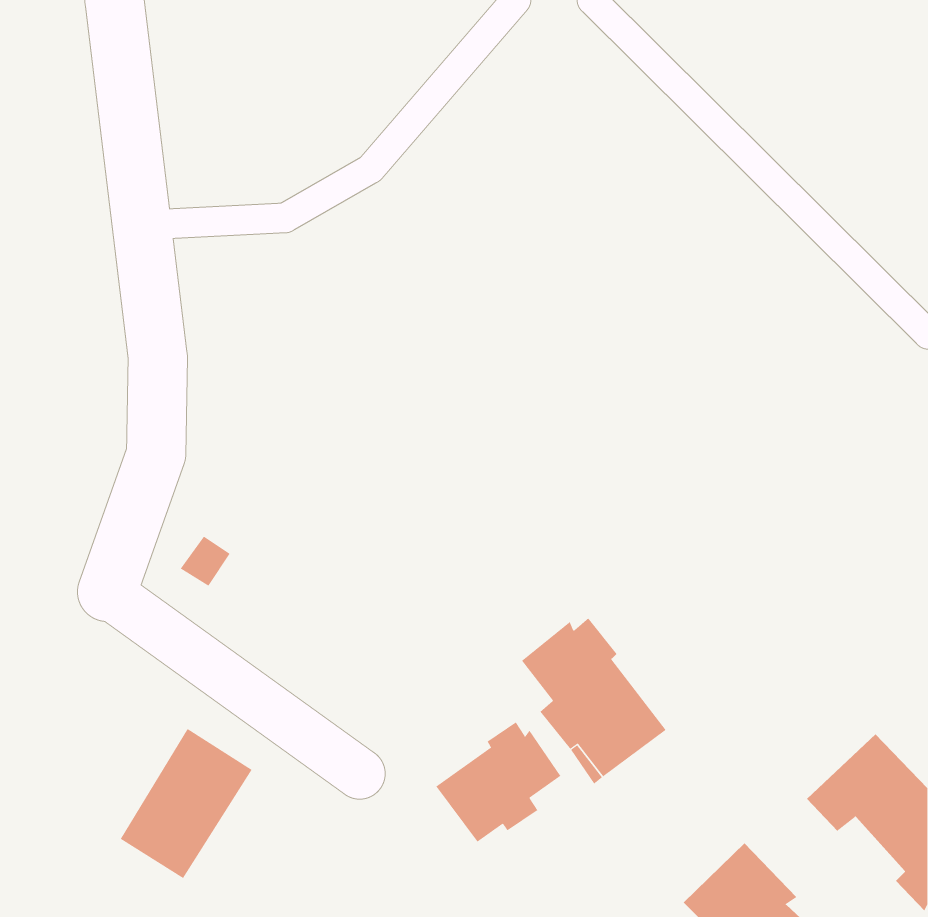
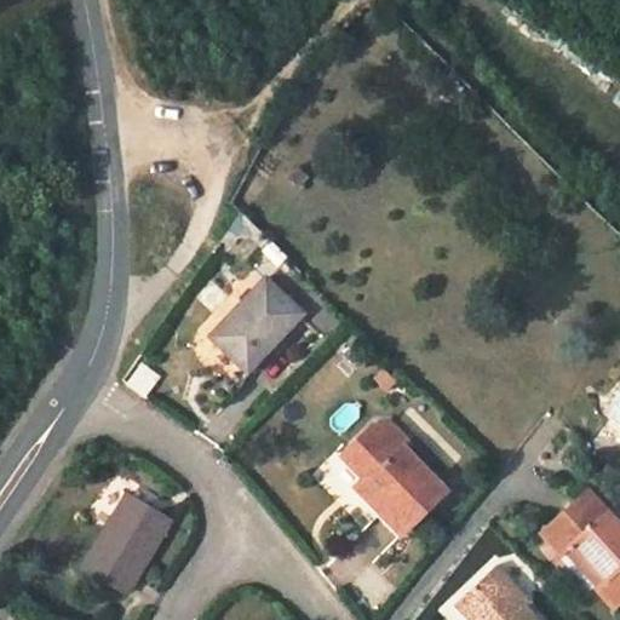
building: none -> [211,279,303,369]
building: [436,722,561,843] -> none

